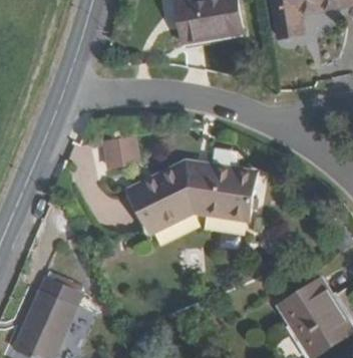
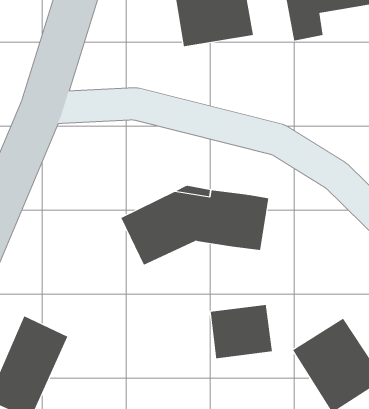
building: [98,135,135,168] -> none
building: none -> [210,304,273,359]

